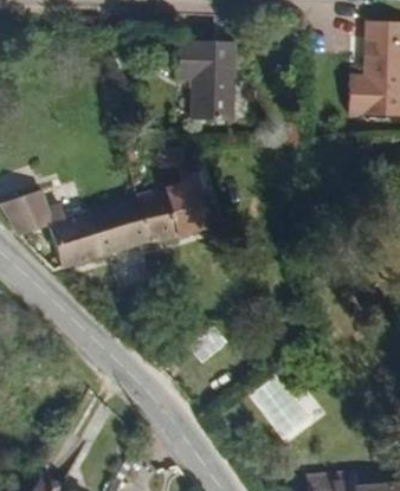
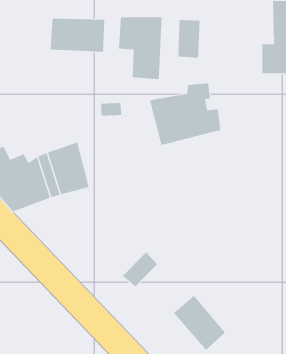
building: none -> [50,18,105,53]
building: none -> [178,19,200,59]
building: [131,168,220,245] -> [149,83,221,145]

